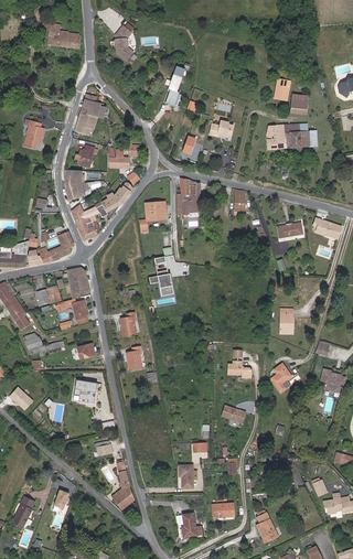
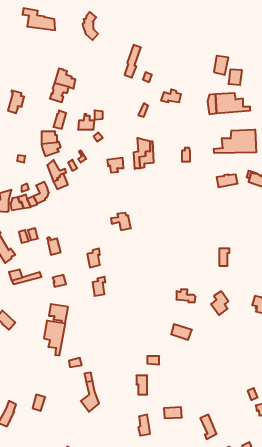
building: none -> [214,129,256,153]
building: [66,268,89,299] -> none
building: none -> [44,320,65,356]

